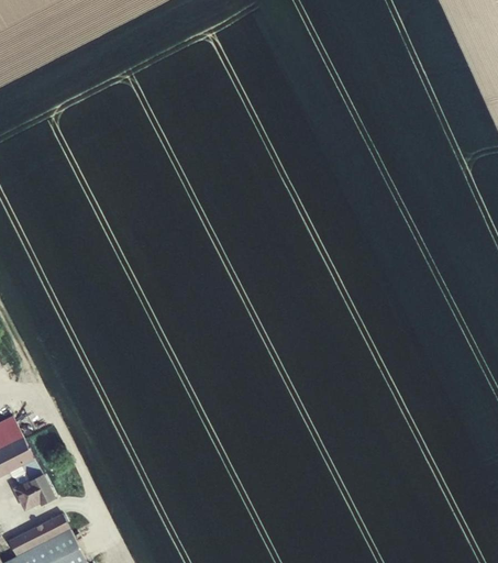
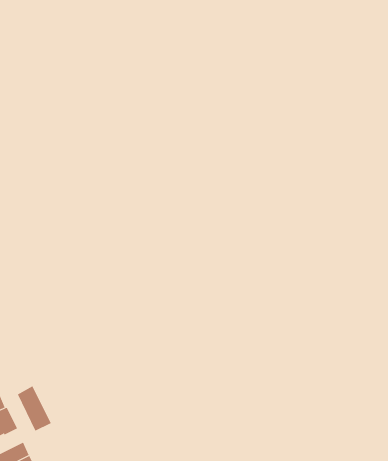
building: none -> [17,386,52,432]

